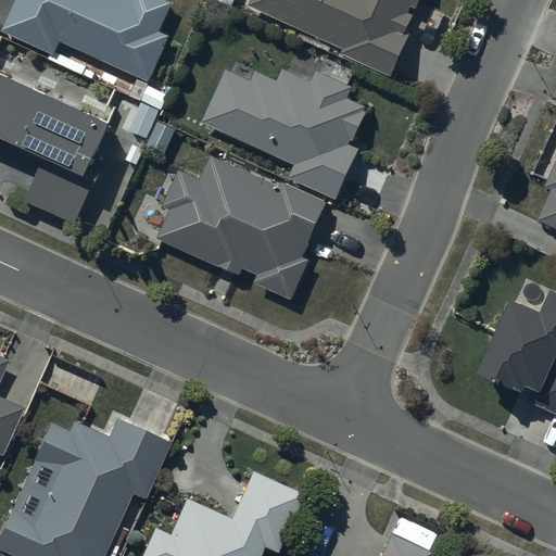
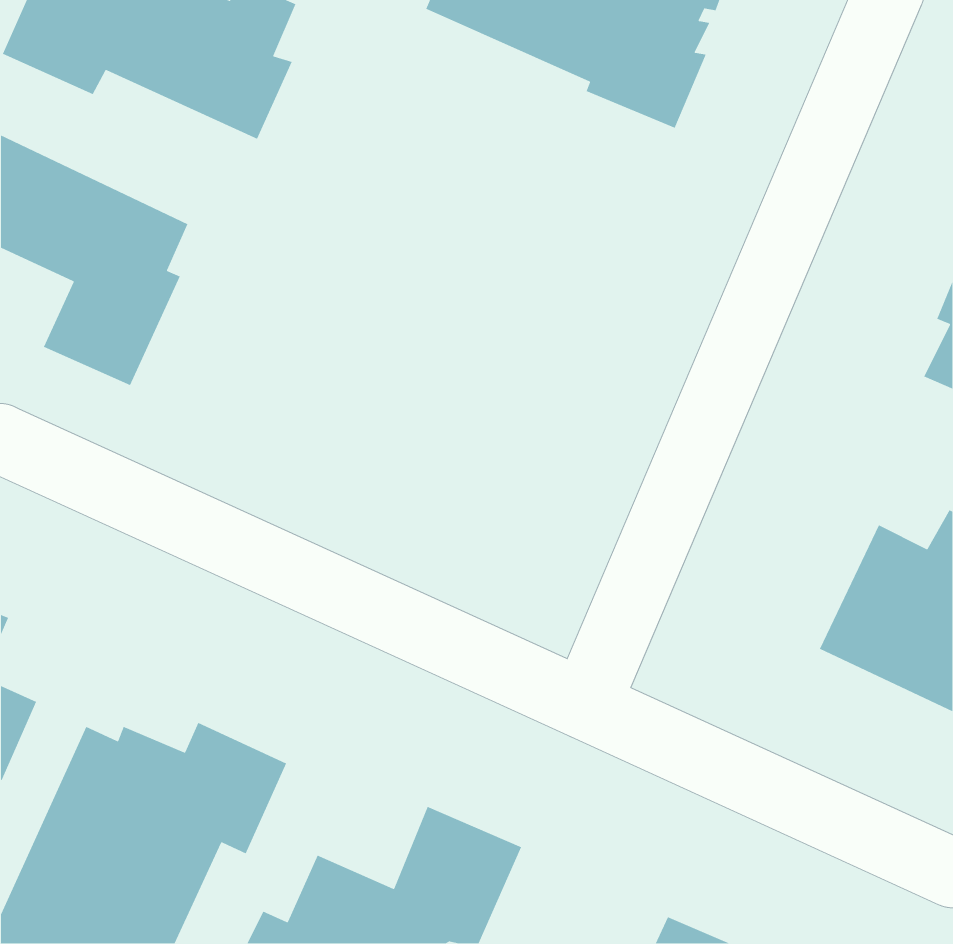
building: [202,67,368,198] -> none
building: [156,153,326,299] -> none

